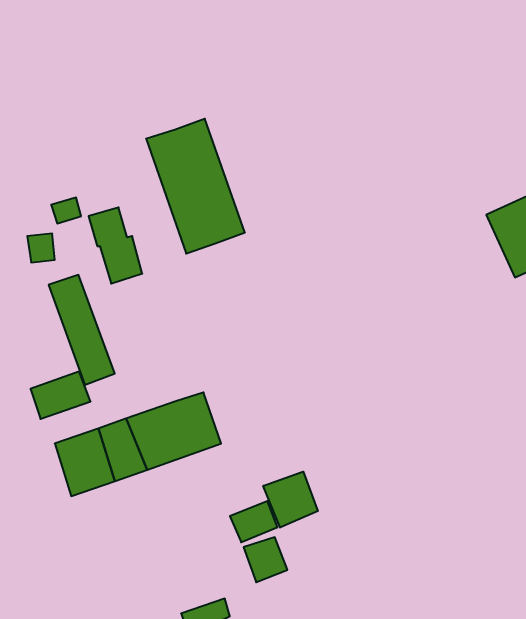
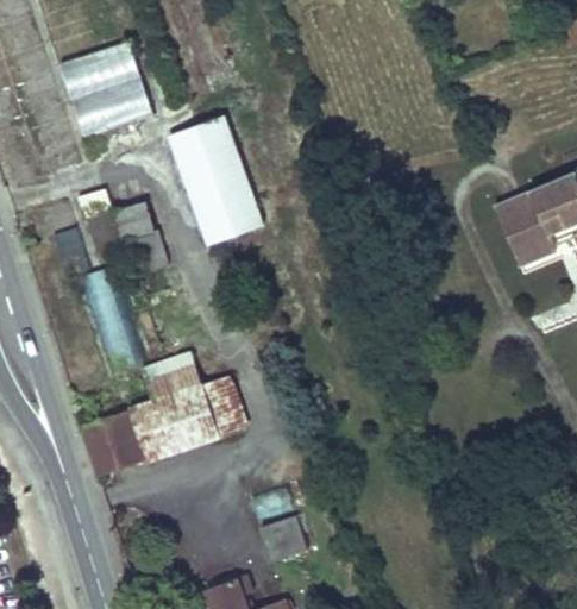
building: none -> [63,44,155,139]
building: [30,371,91,419] -> [142,357,199,402]
building: [263,472,318,528] -> none

